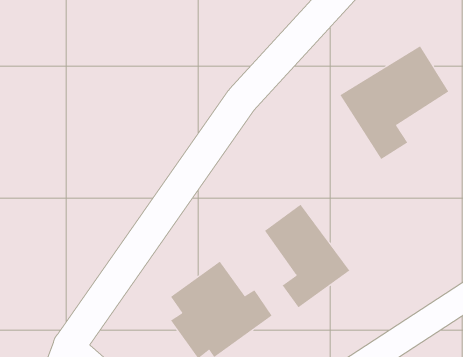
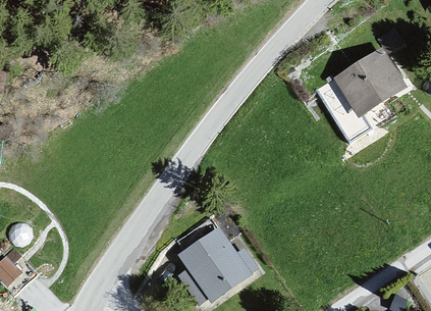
building: [264,204,350,308] -> none

